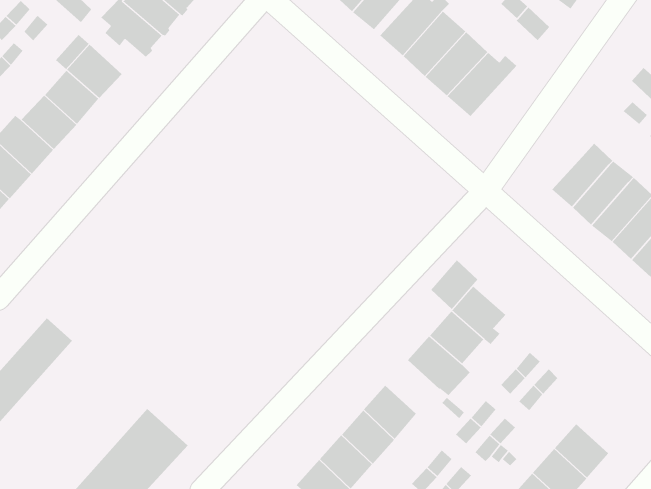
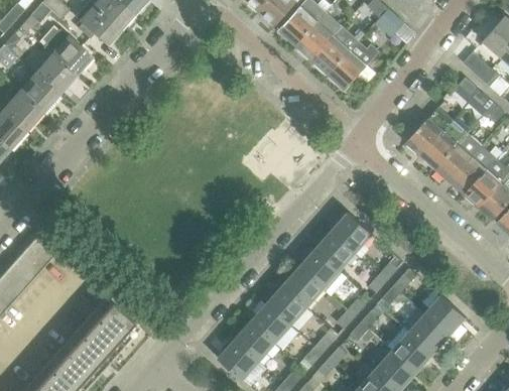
building: [430,259,478,310] -> none
building: none -> [283,267,323,306]
building: none -> [423,295,465,336]

